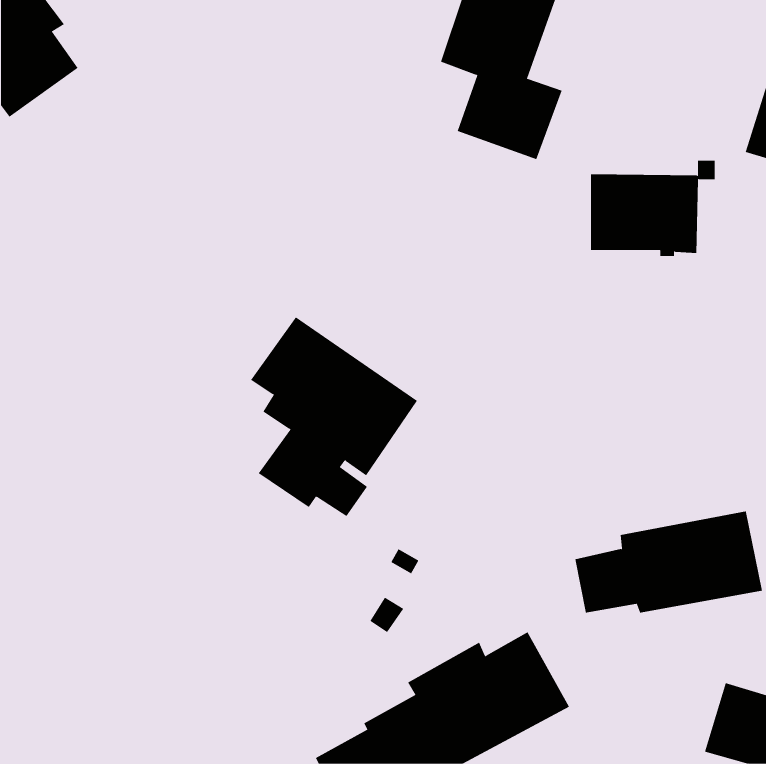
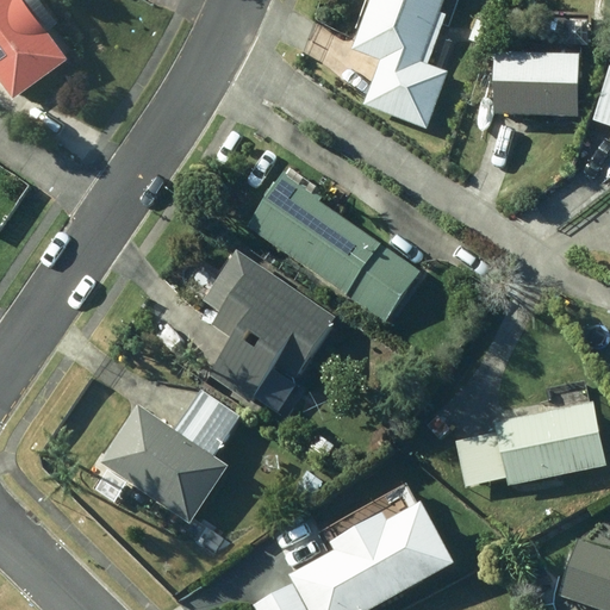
building: [590,160,715,257] -> [493,43,592,119]
building: none -> [245,173,419,322]
building: none -> [100,391,239,524]

